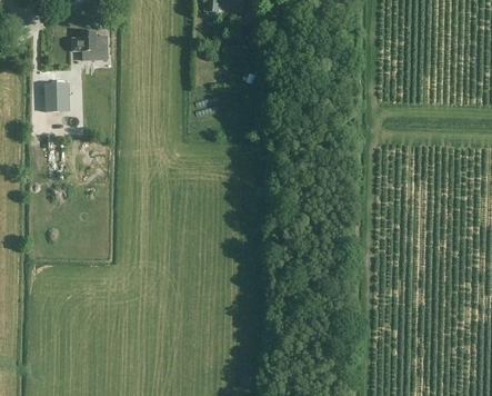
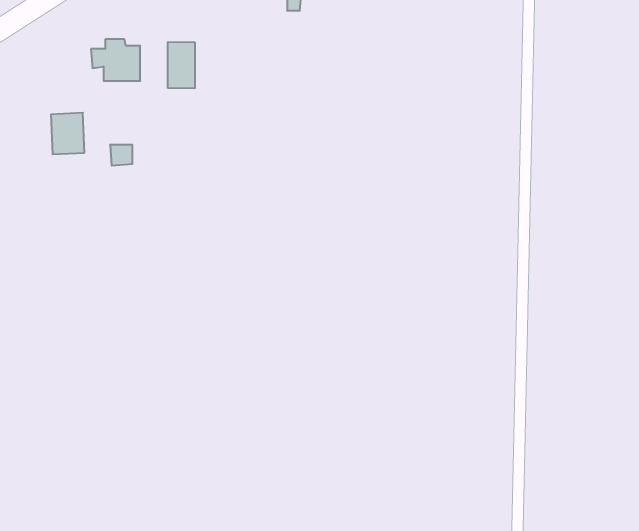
building: none -> [168,42,195,88]

